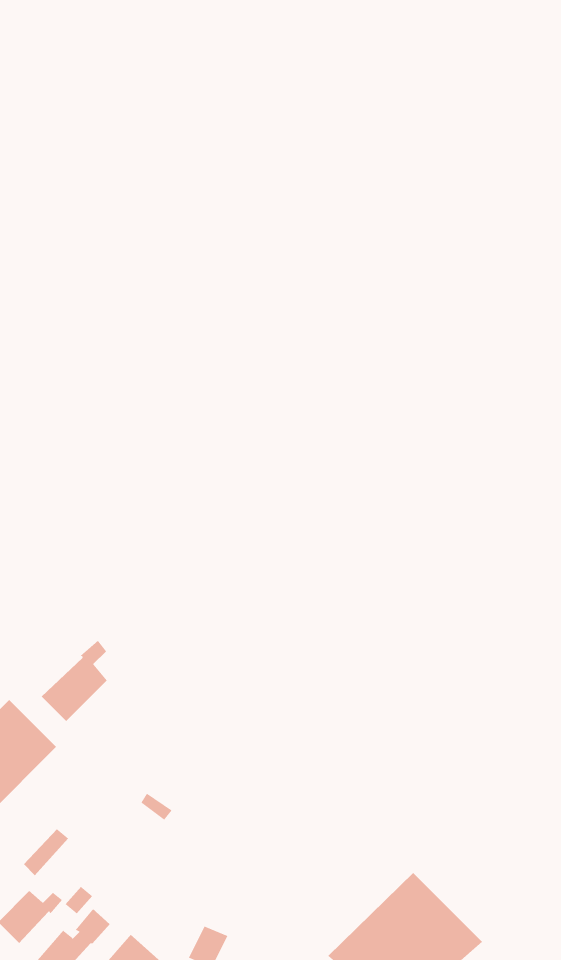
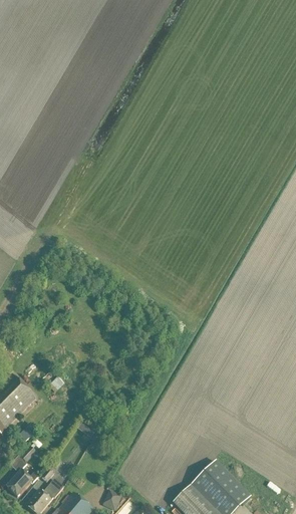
building: [41,640,108,722] -> none

